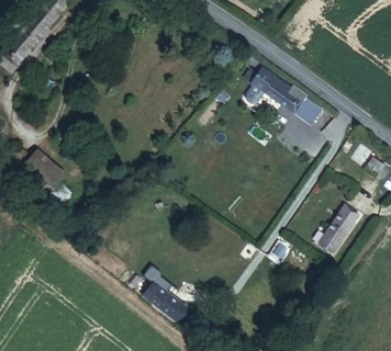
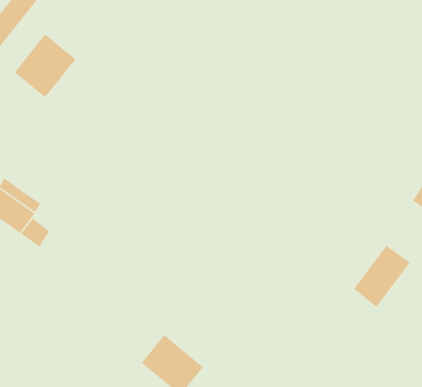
building: none -> [14,34,76,98]
building: [253,69,321,124] -> none

